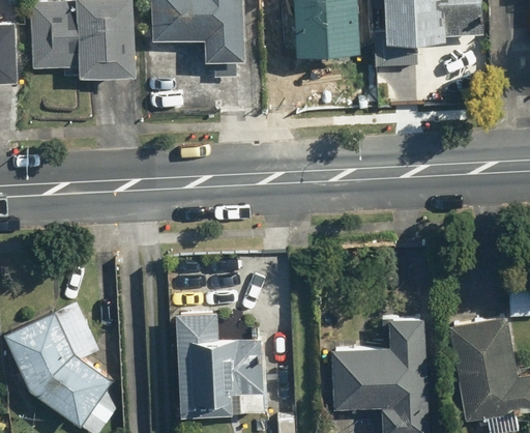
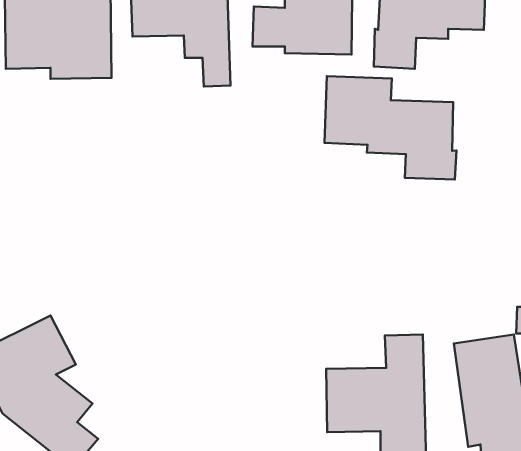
building: none -> [324,76,456,179]
building: [177,312,262,418] -> none

